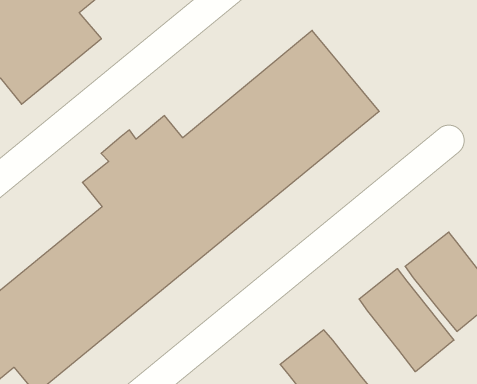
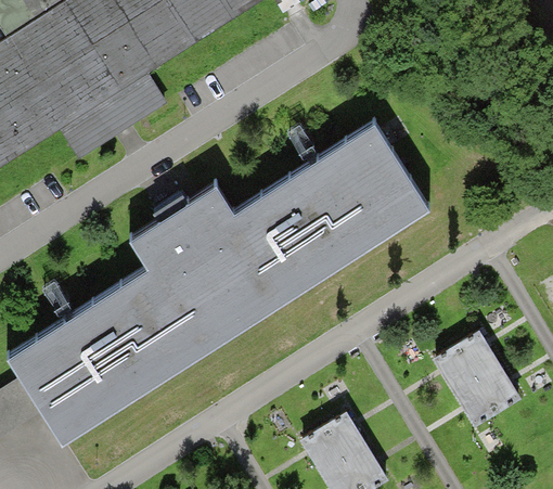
building: [359,269,454,372] -> none

